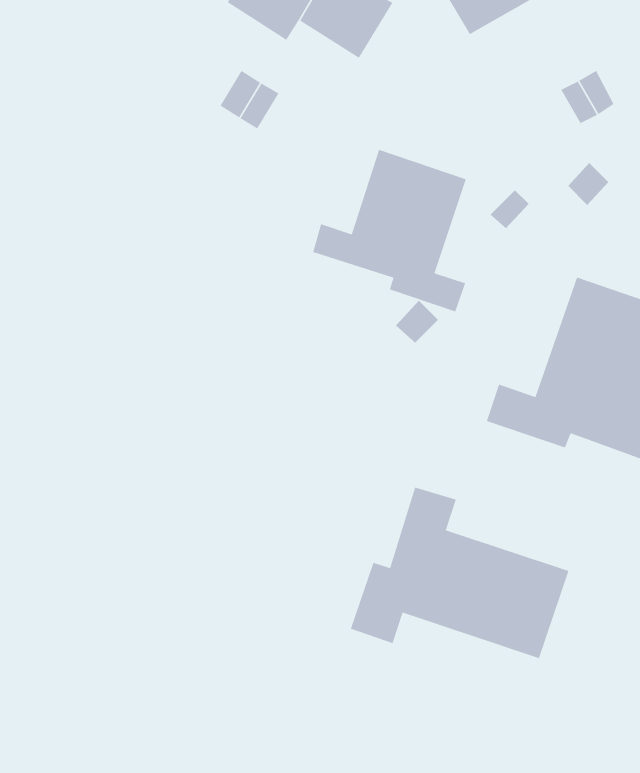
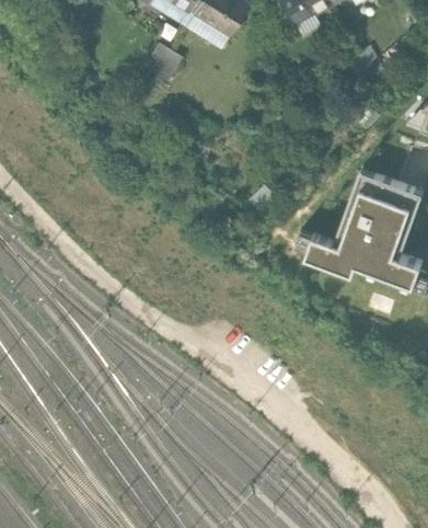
building: [312,149,467,313] -> none
building: [350,487,569,659] -> none

